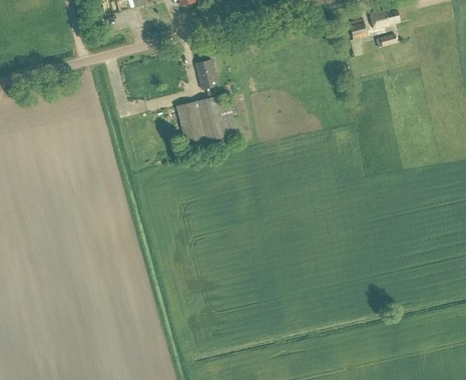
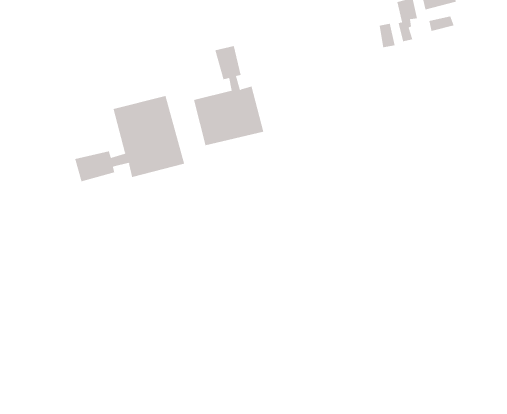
building: none -> [75,95,185,182]

